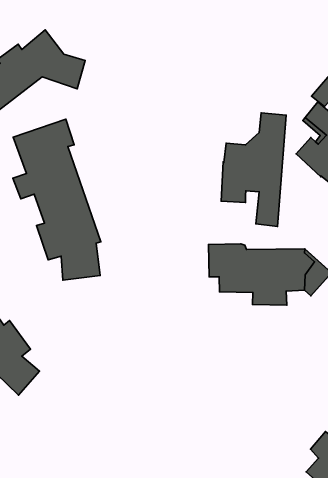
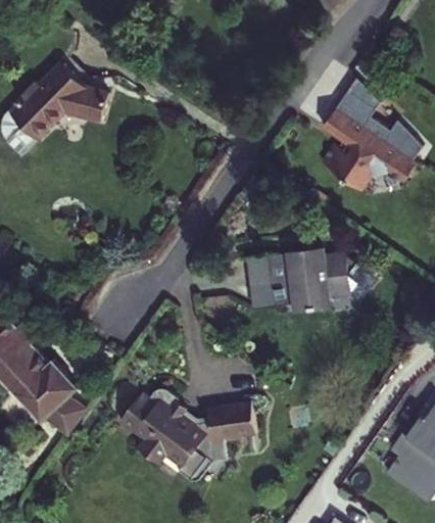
building: [221,113,286,226] -> none
building: [13,119,101,280] -> none
building: none -> [127,382,263,474]

